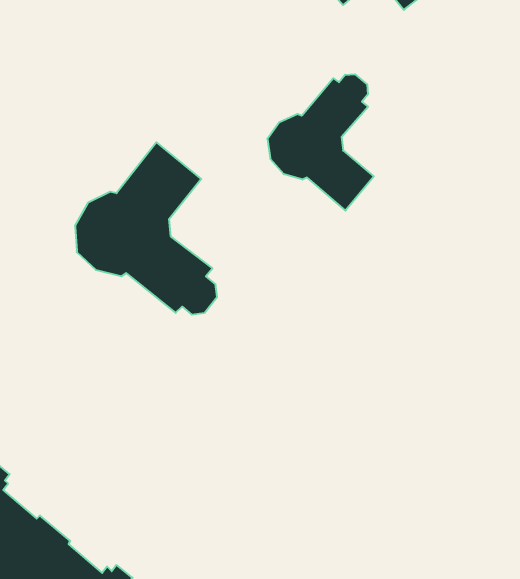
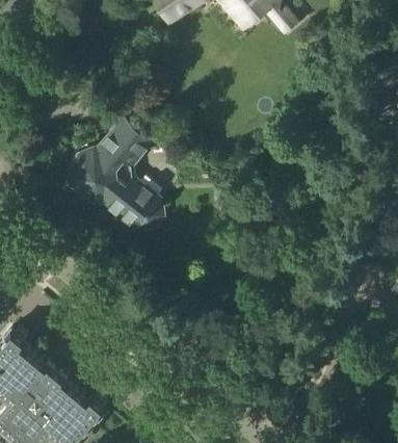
building: [267,74,374,211] -> none

